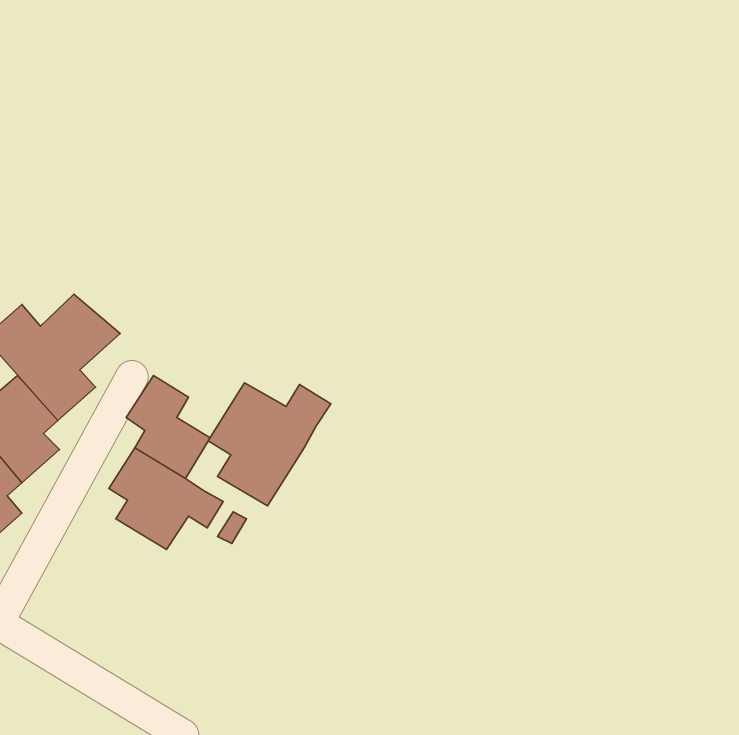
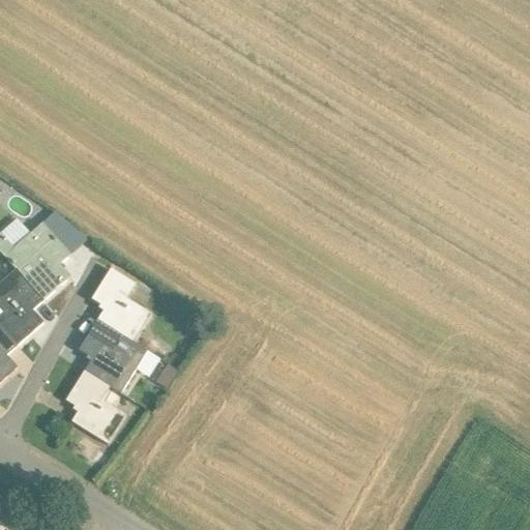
building: [208,383,331,506] -> none
building: none -> [65,371,124,443]

